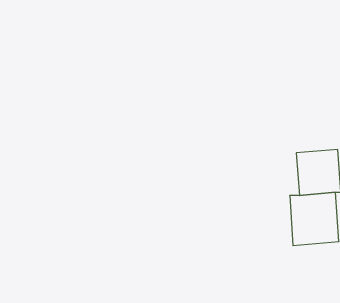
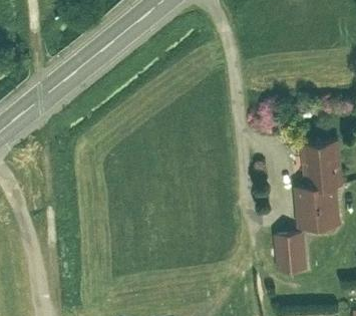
building: none -> [274,236,306,272]

